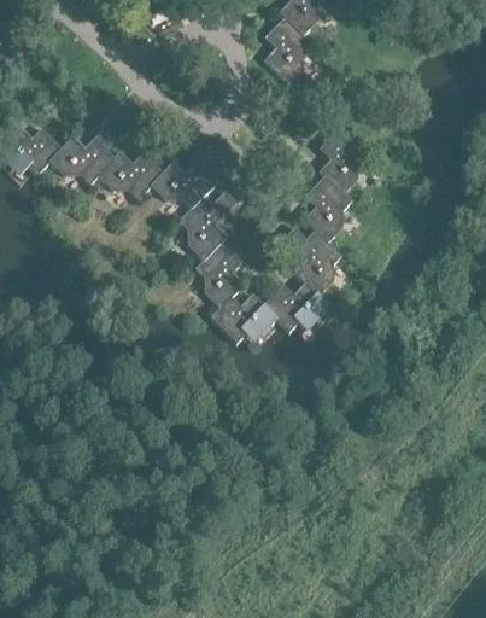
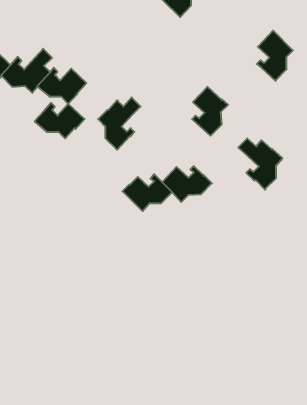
building: [317,127,365,194] -> [257,31,293,81]
building: [150,161,216,208] -> [35,103,85,138]
building: [282,227,341,296] -> [238,138,282,190]
building: [194,243,242,308] -> none

